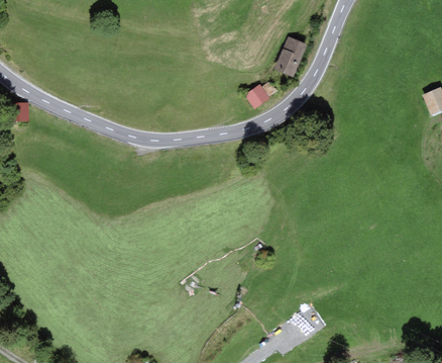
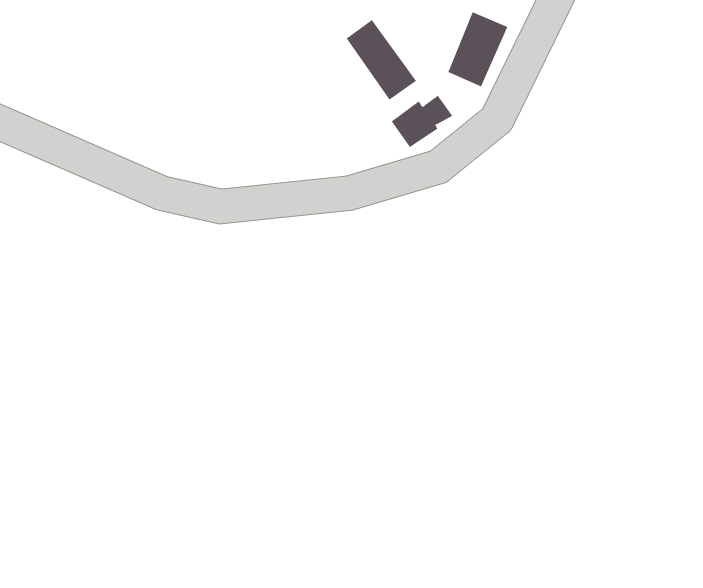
building: none -> [346,19,417,100]

